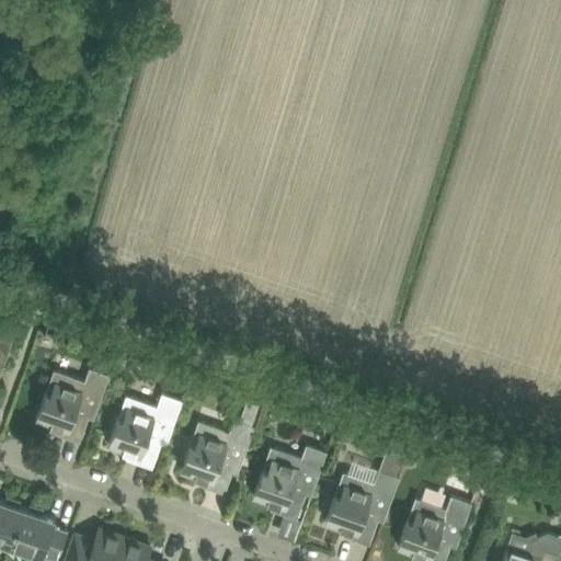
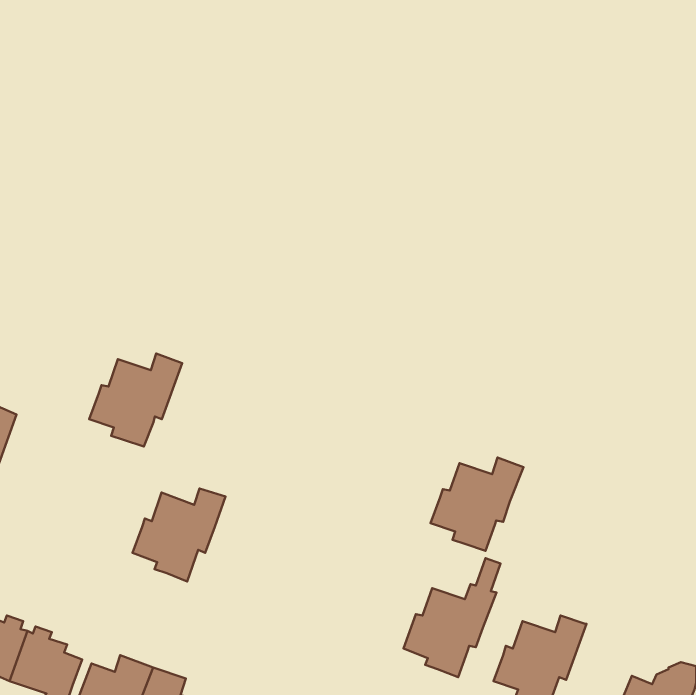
building: [34,368,108,443] -> [89,354,182,447]
building: [179,400,255,494] -> none
building: [251,445,325,519] -> [431,458,524,551]

